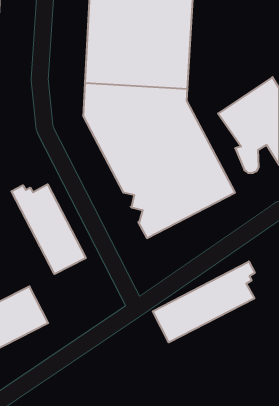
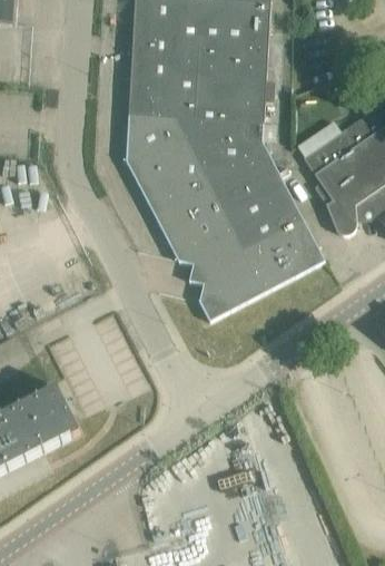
building: [11,184,86,274] -> none
building: [153,261,255,342] -> none

